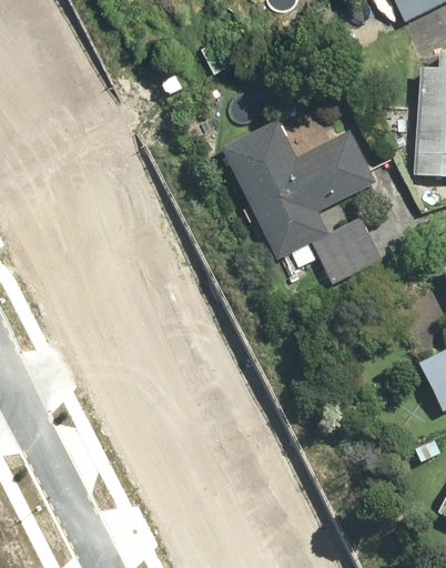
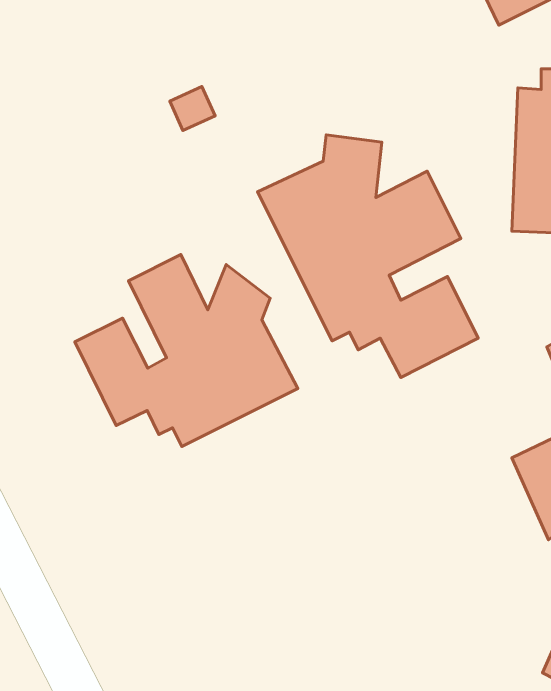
building: none -> [75,254,298,447]

